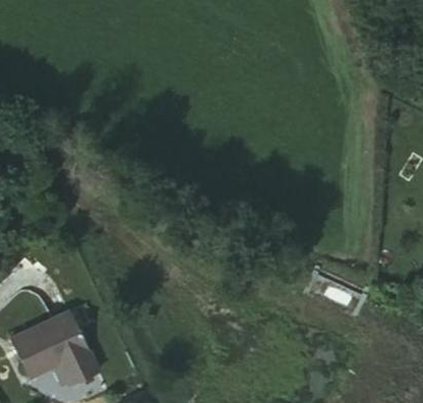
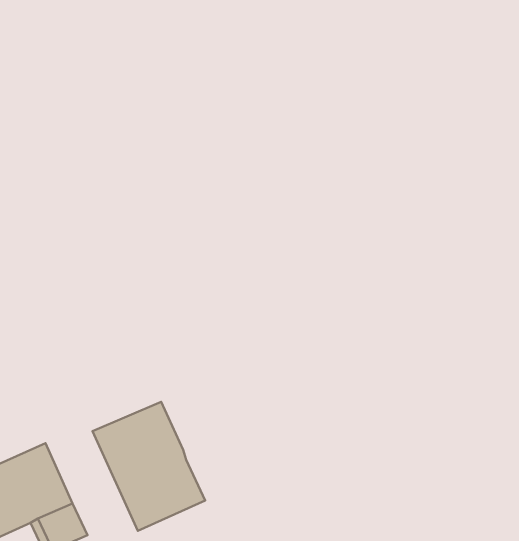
building: none -> [92,402,205,531]

